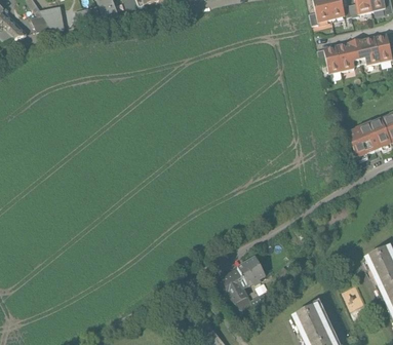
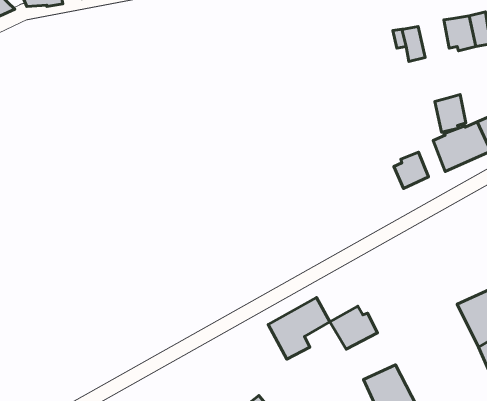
building: [336,39,359,68] -> [435,95,466,132]
building: none -> [394,152,428,189]
building: none -> [330,306,377,349]

